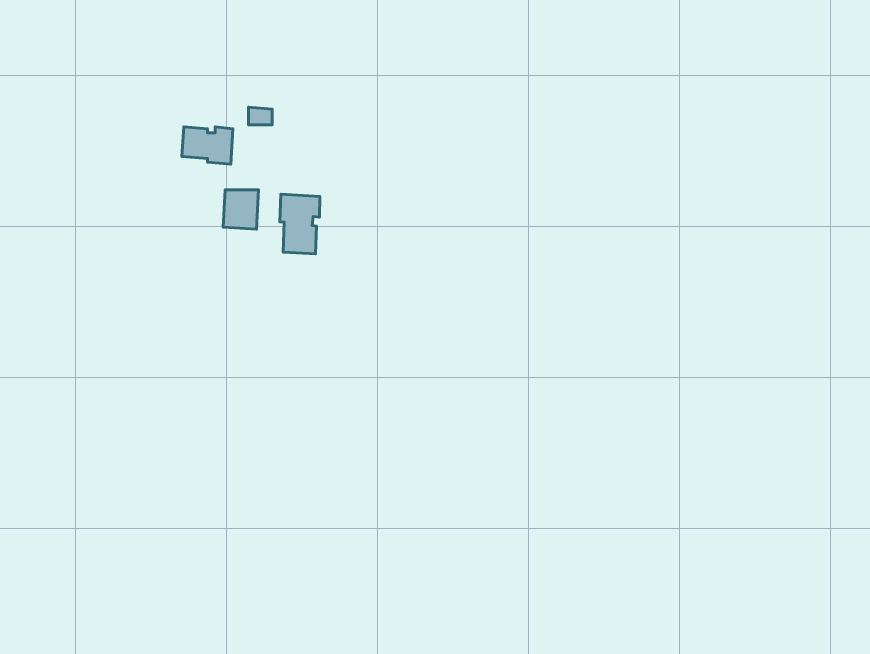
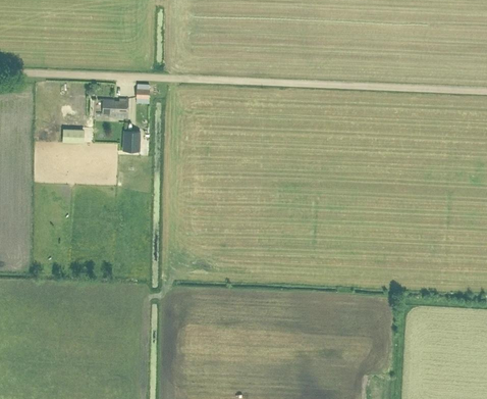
building: [280,194,320,254] -> none

